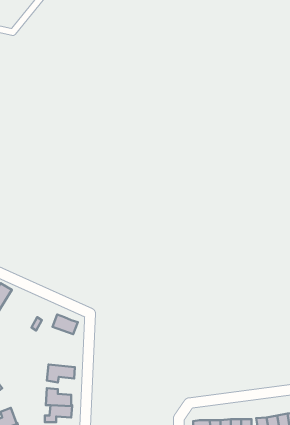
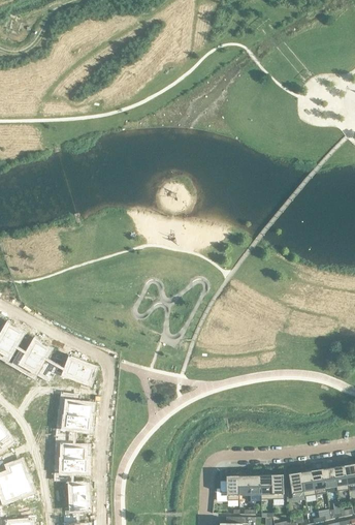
building: none -> [15,342,47,374]
building: none -> [61,396,91,418]

